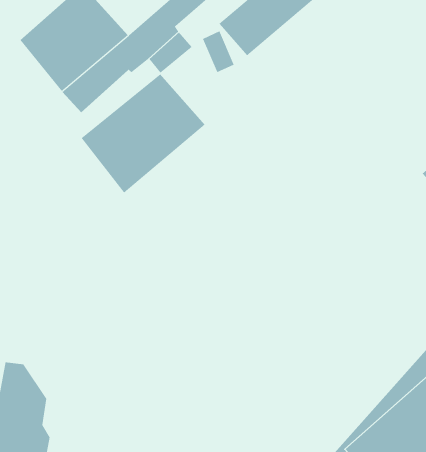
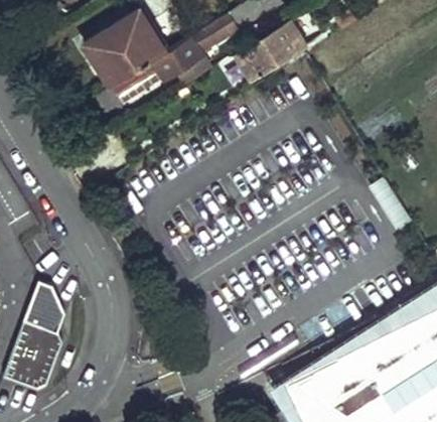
building: [81,74,205,193] -> none

